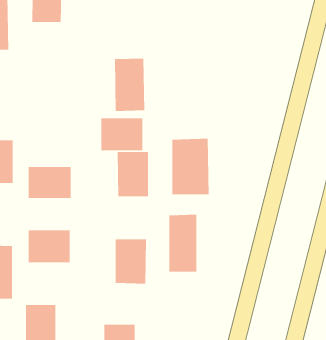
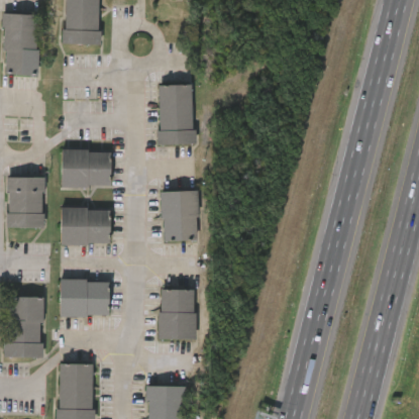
building: [101,118,143,151] -> [62,150,110,188]
building: [172,138,209,195] -> none
building: [169,214,197,273] -> none

